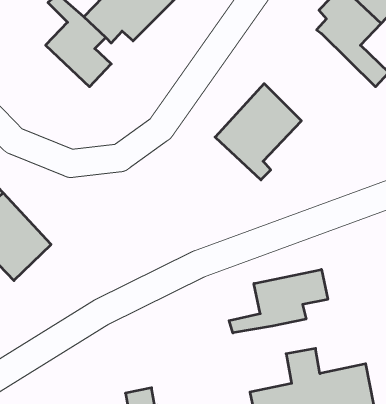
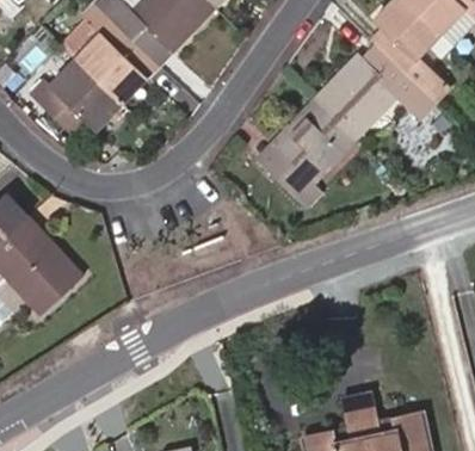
building: none -> [314,45,436,141]
building: none -> [32,58,123,129]
building: [229,269,328,333] -> none

